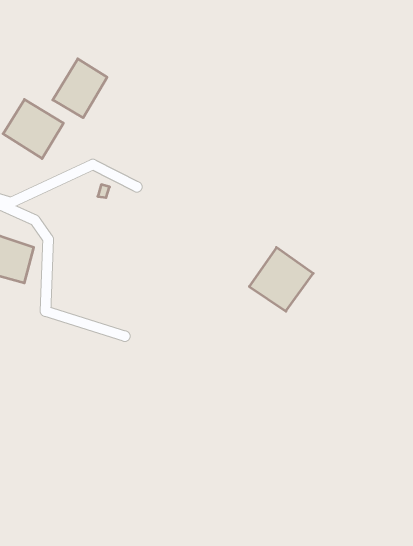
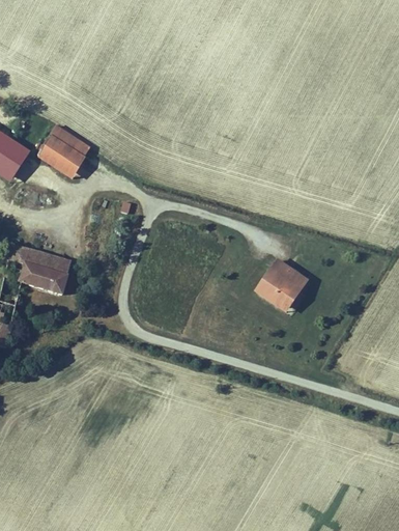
building: [53,59,107,118] -> none

